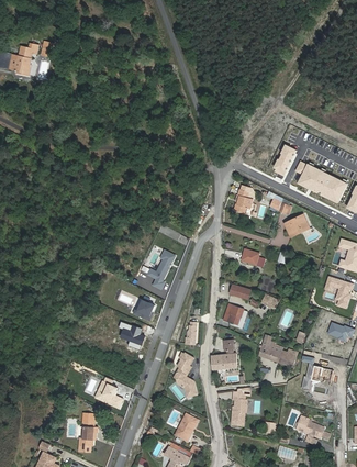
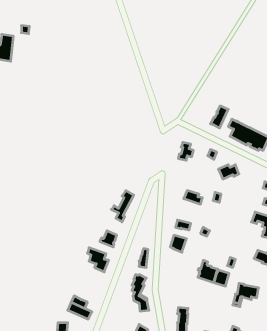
building: [211,340,237,370] -> none

